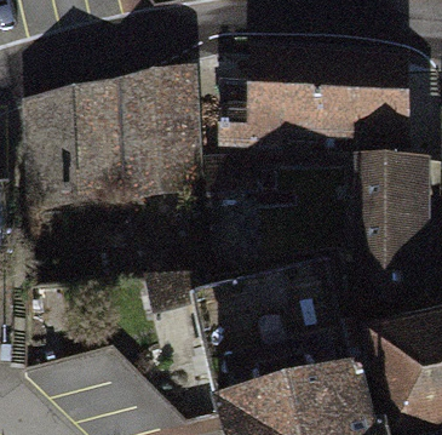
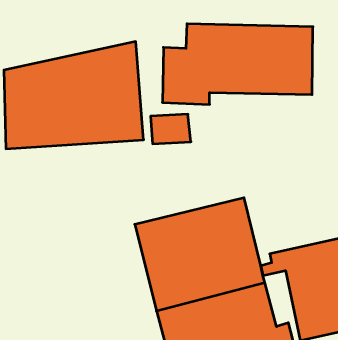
building: [355,153,431,298] -> none

